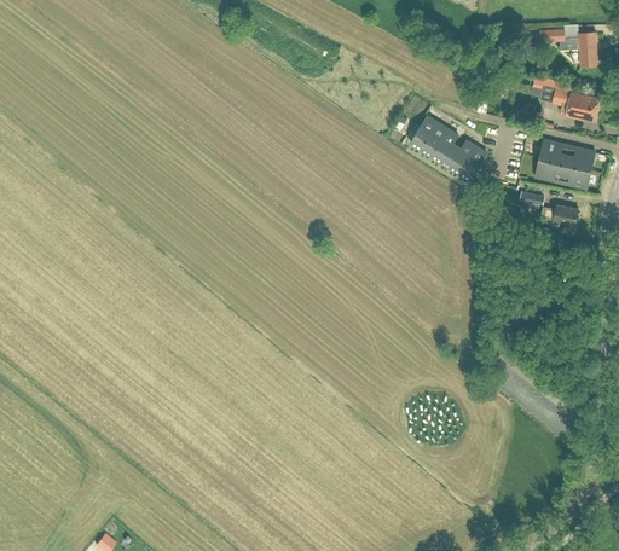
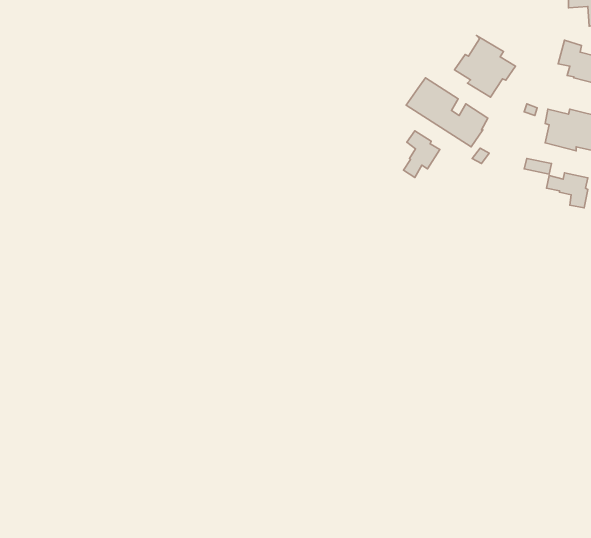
building: none -> [455,35,515,97]
building: none -> [403,131,440,178]

